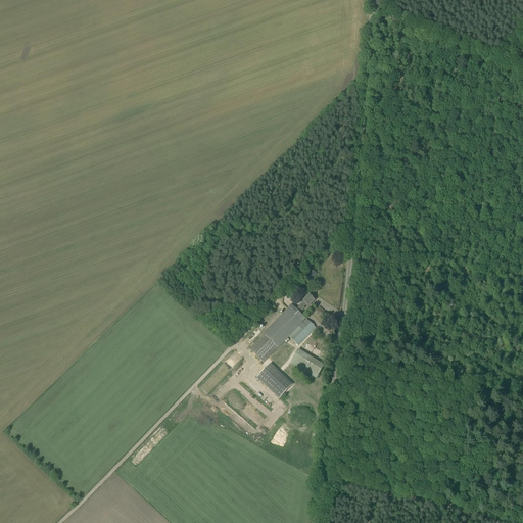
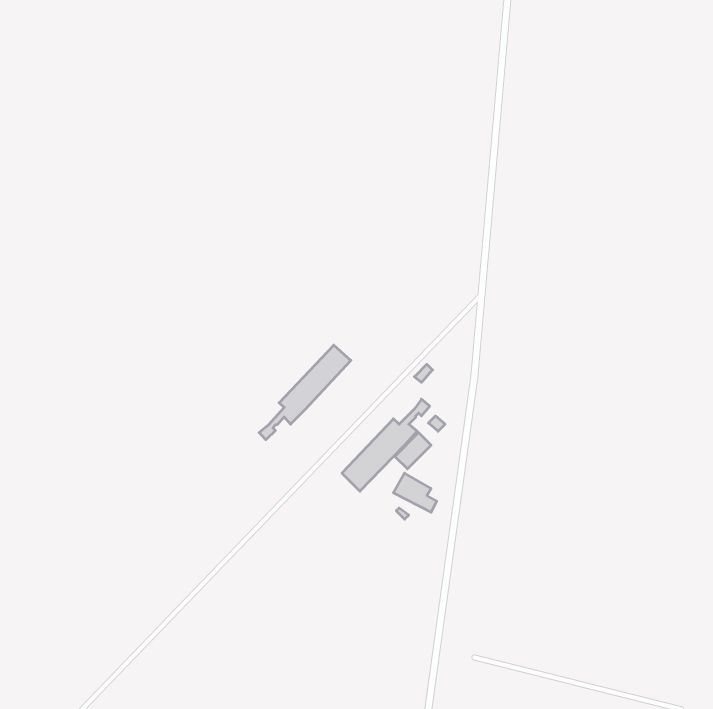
building: none -> [259,345,351,440]
building: [257,362,292,395] -> none

